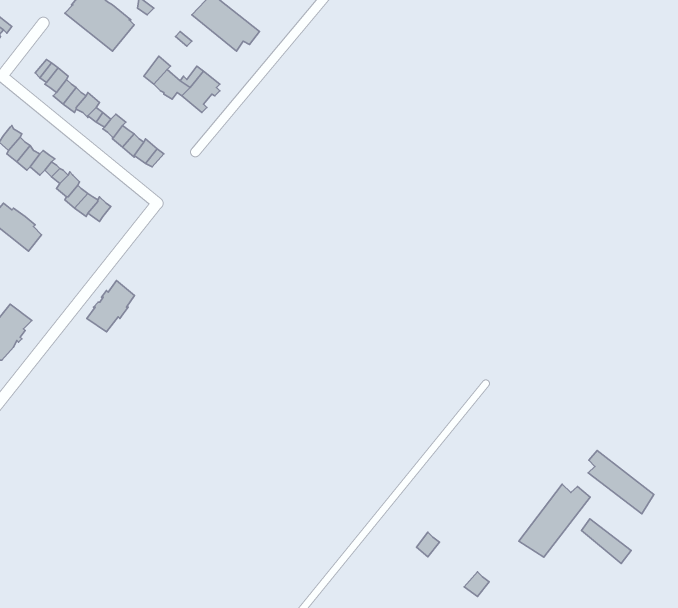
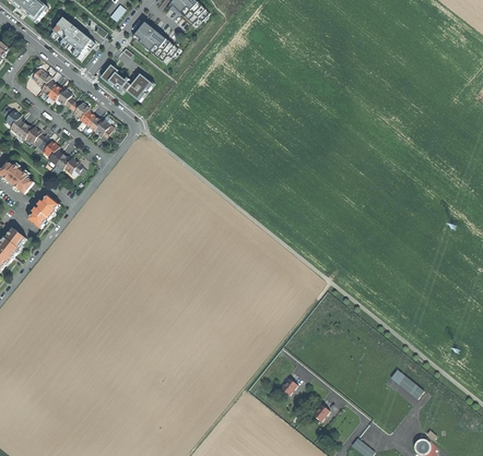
building: [87,281,135,332] -> [27,193,59,227]
building: [588,451,654,514] -> none
building: [519,484,590,557] -> none

